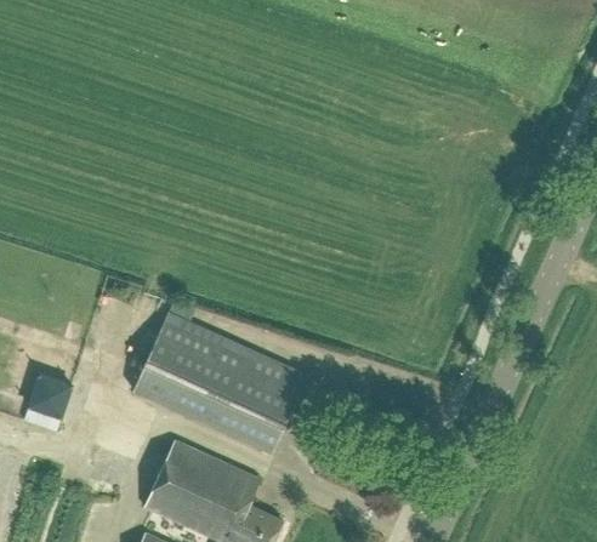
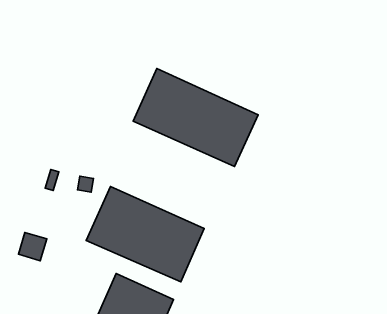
building: none -> [133,68,258,166]

